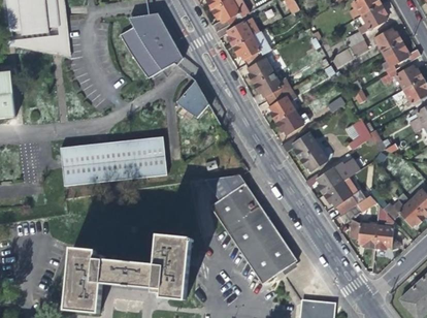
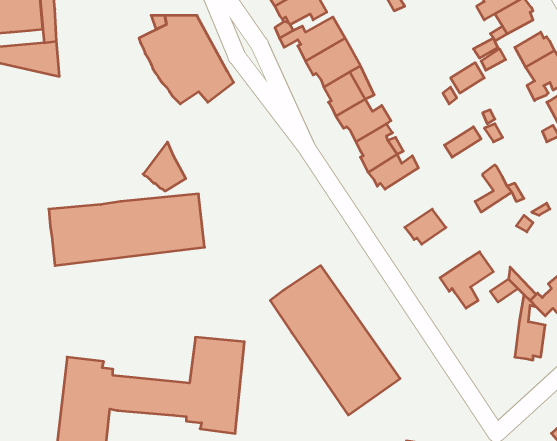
building: [180,82,209,115] -> [143,142,186,191]
building: [283,132,319,159] -> none
building: [305,162,342,193] -> none
building: [205,178,243,201] -> none
building: [350,219,377,247] -> none

